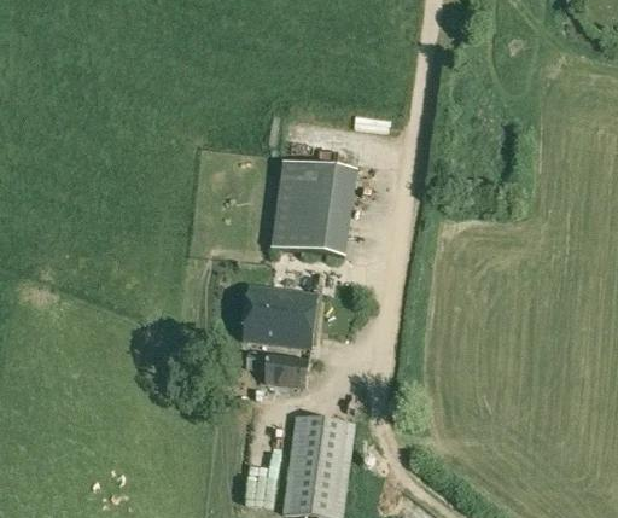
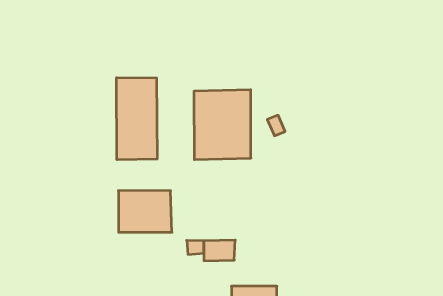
building: none -> [117,78,157,160]
building: [244,284,317,347] -> [118,191,172,232]

